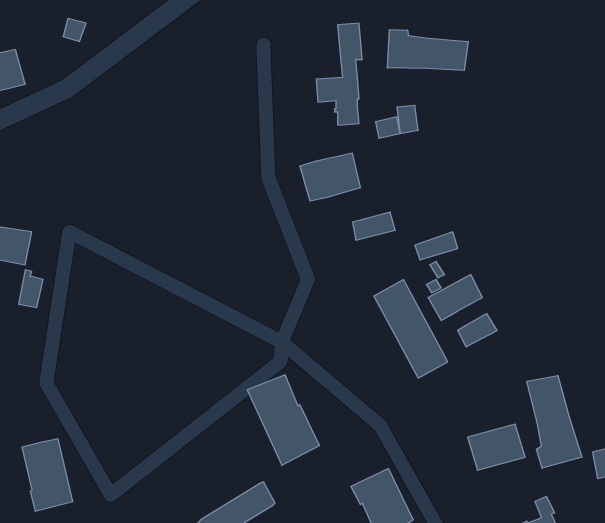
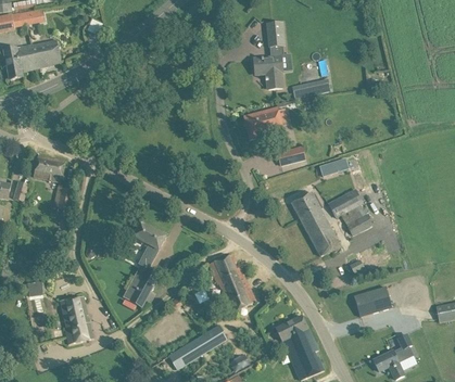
building: [387,30,468,70] -> none
building: none -> [126,222,165,307]
building: [527,375,582,468] -> none

